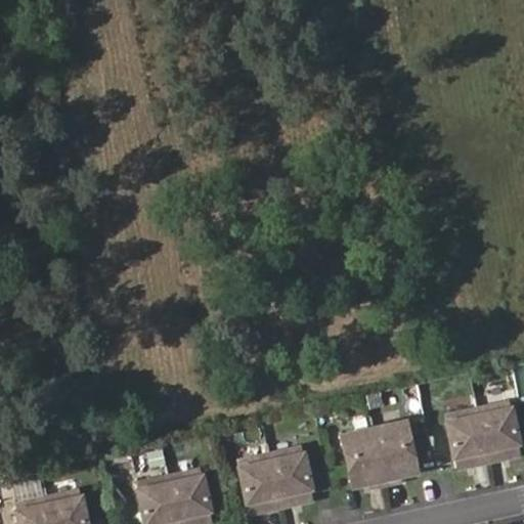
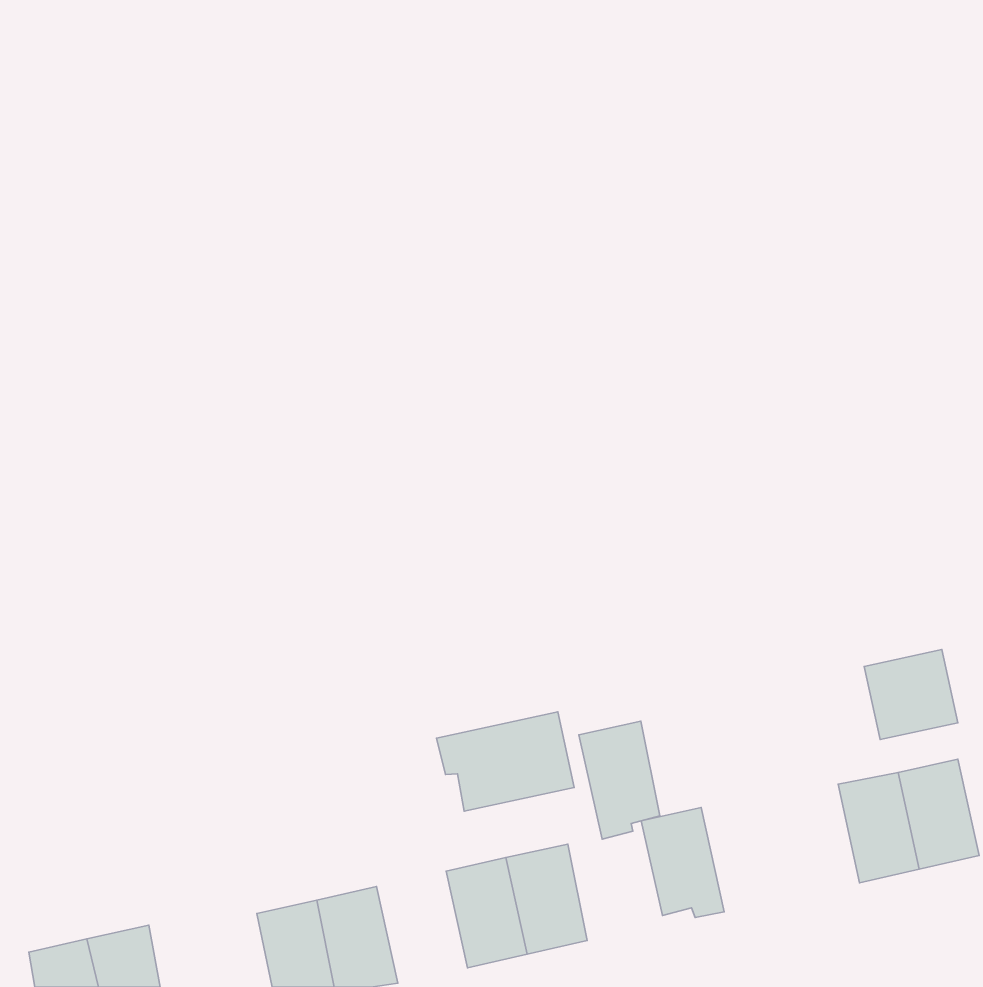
building: none -> [864,650,958,740]
building: none -> [437,712,574,811]
building: [374,421,417,483] -> [579,721,660,839]

